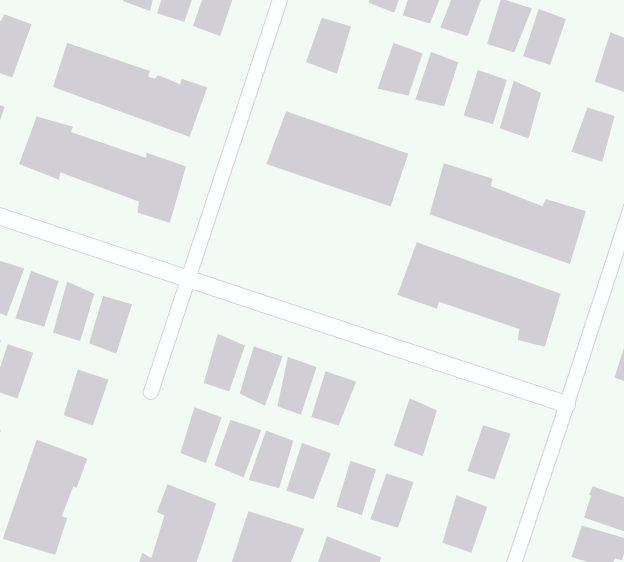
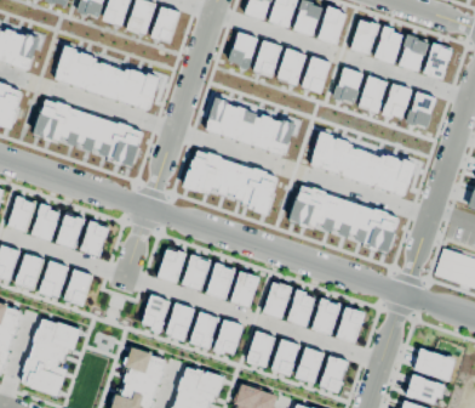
building: none -> [397,33,428,72]
building: none -> [251,39,280,76]
building: none -> [380,81,411,119]
building: none -> [178,146,279,215]
building: none -> [38,260,69,299]
building: none -> [262,280,292,318]
building: none -> [309,296,340,335]
building: none -> [293,345,325,382]

